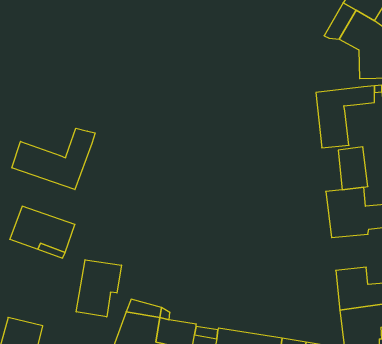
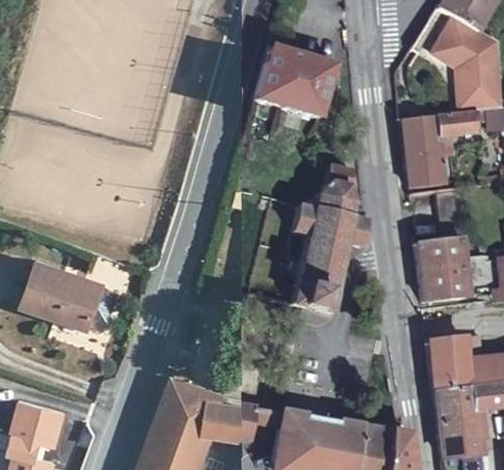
building: none -> [255,48,334,117]
building: none -> [290,165,365,313]
building: [12,128,95,190] -> none
building: [76,260,121,317] -> none

